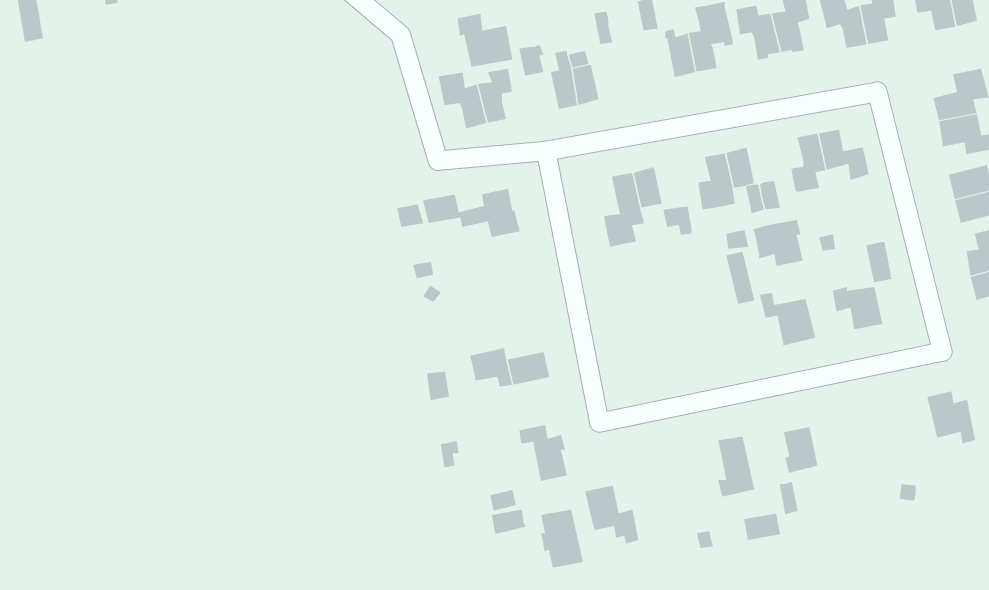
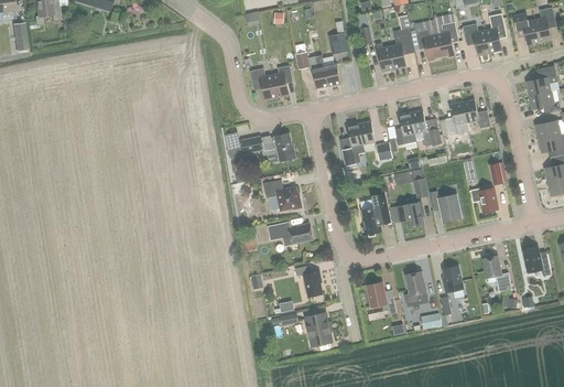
building: [457,13,513,67] -> none
building: [752,219,803,267] -> [394,201,423,227]
building: none -> [263,180,301,211]
building: none -> [360,194,387,235]
building: none -> [481,255,511,291]
building: [584,485,639,544] -> [365,281,395,314]

